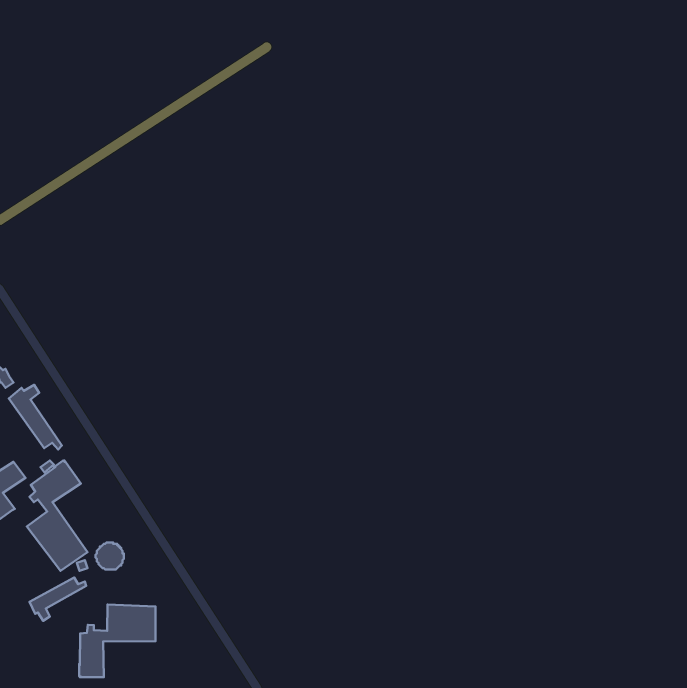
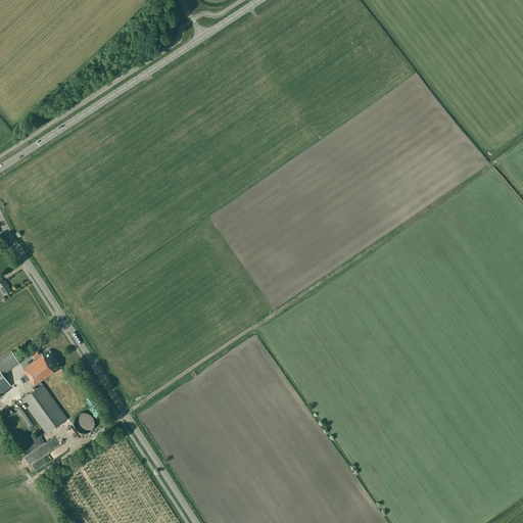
building: [9,385,62,449] -> none
building: [79,605,156,677] -> none

